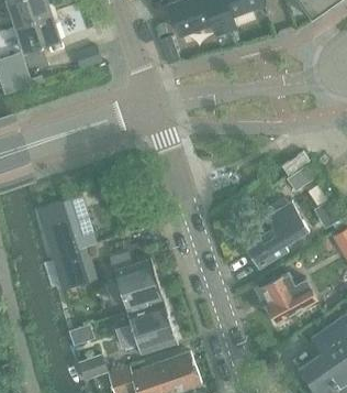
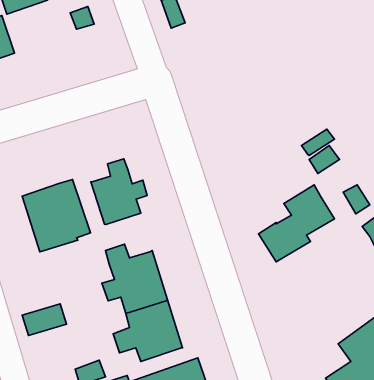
building: none -> [91,159,147,224]
building: [53,250,91,277] -> [22,304,66,335]
building: [259,273,316,324] -> none

